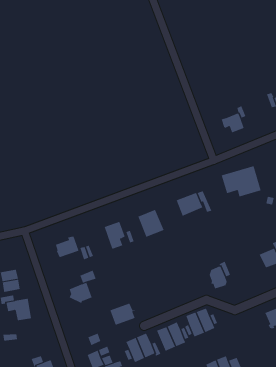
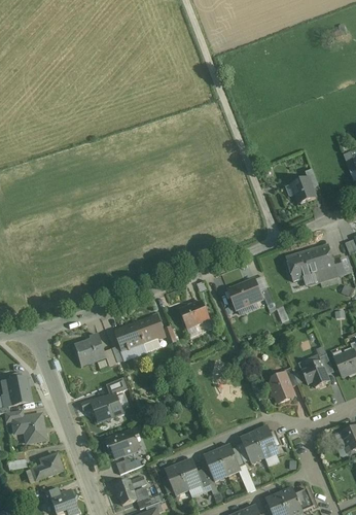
building: none -> [114,322,143,350]
building: none -> [301,359,329,386]
building: [110,303,136,325] -> [107,428,140,457]
building: none -> [31,453,62,480]

